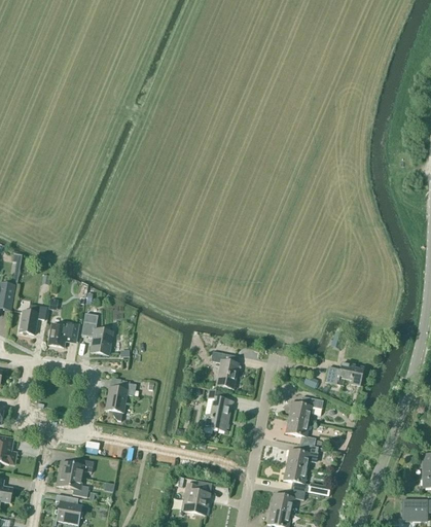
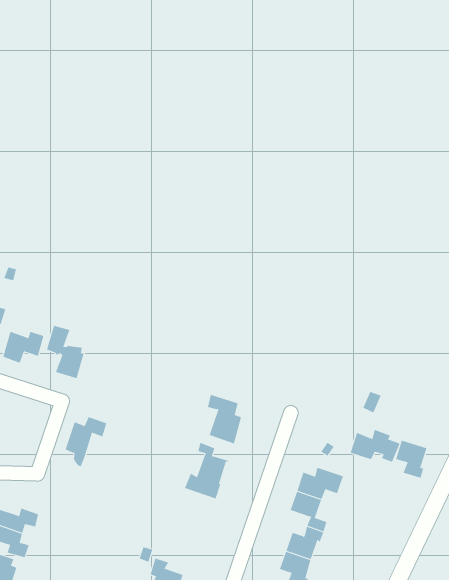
building: none -> [395,440,427,478]

